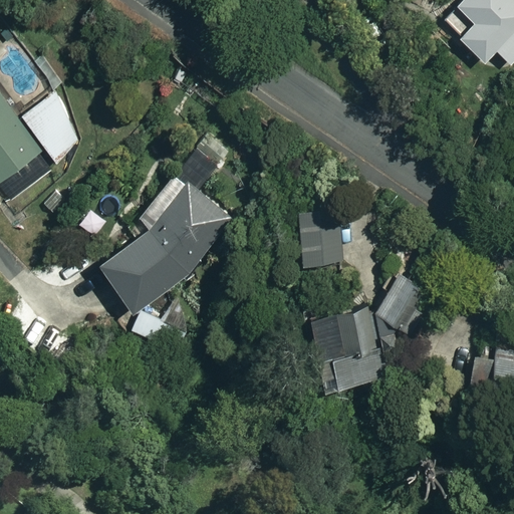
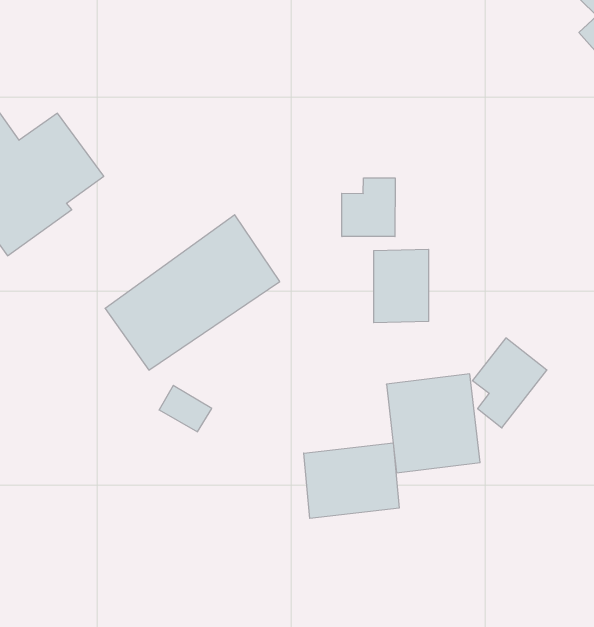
building: none -> [342,178,395,237]
building: none -> [304,443,399,518]

